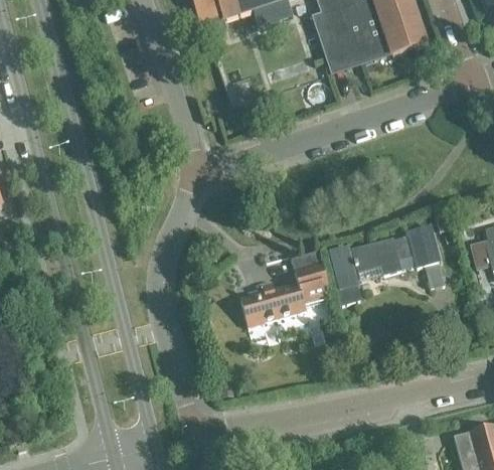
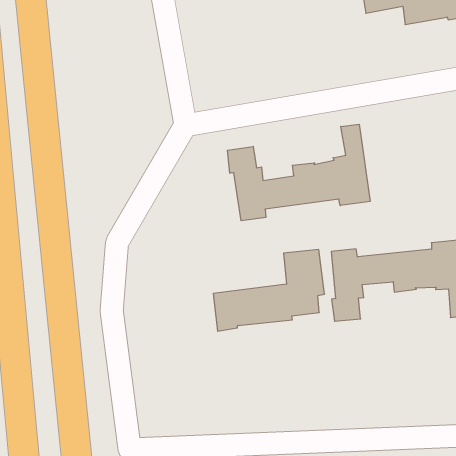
building: none -> [227,124,370,221]

